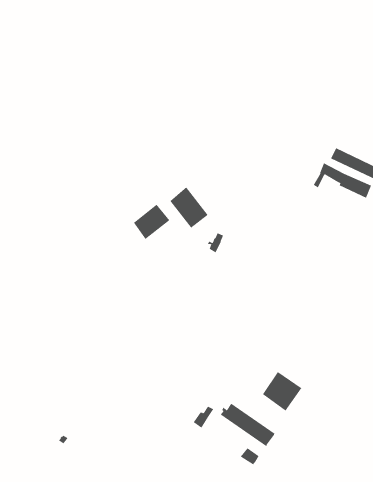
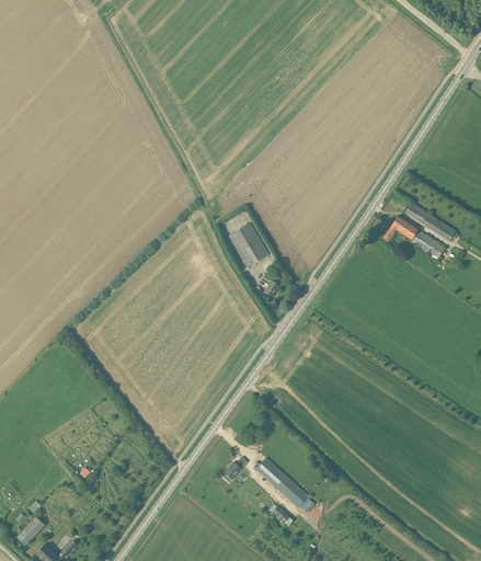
building: [133,204,170,240] -> none
building: [262,371,302,412] -> none

